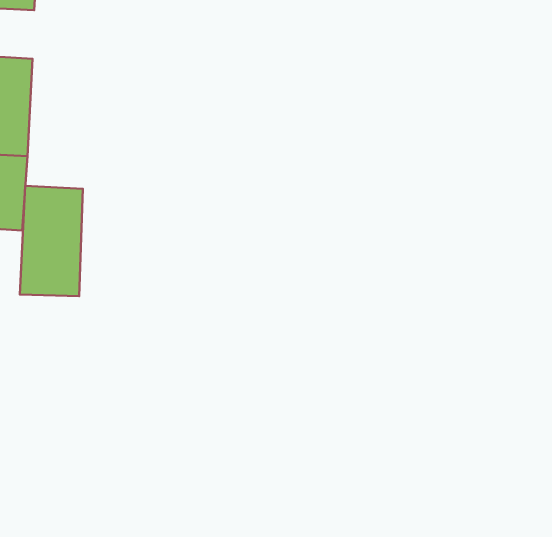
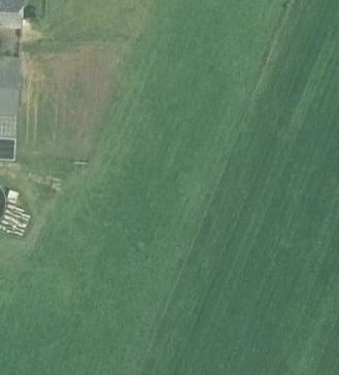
building: [20,186,83,296] -> none

